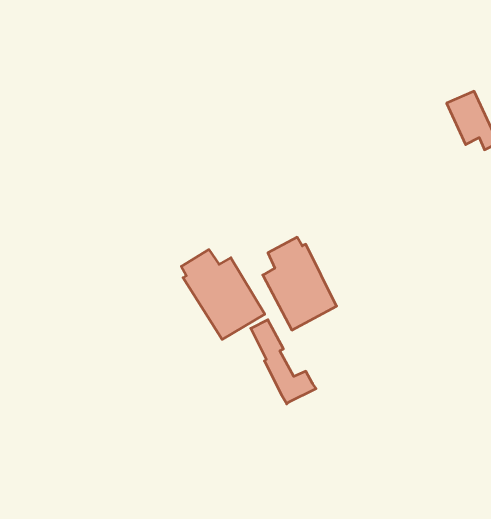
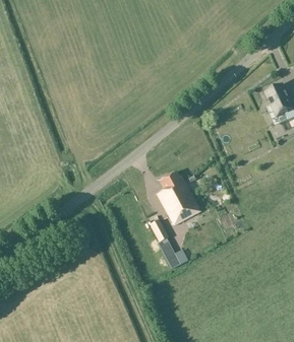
building: [181,250,265,339] -> none

